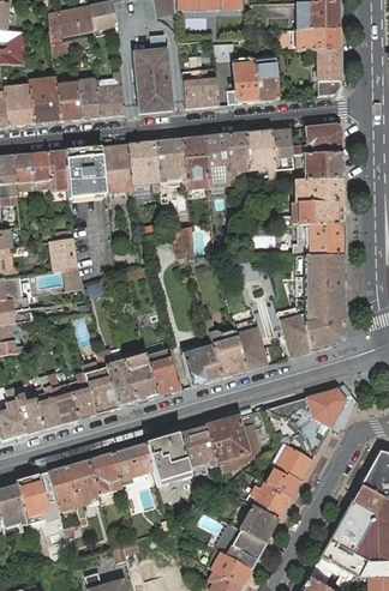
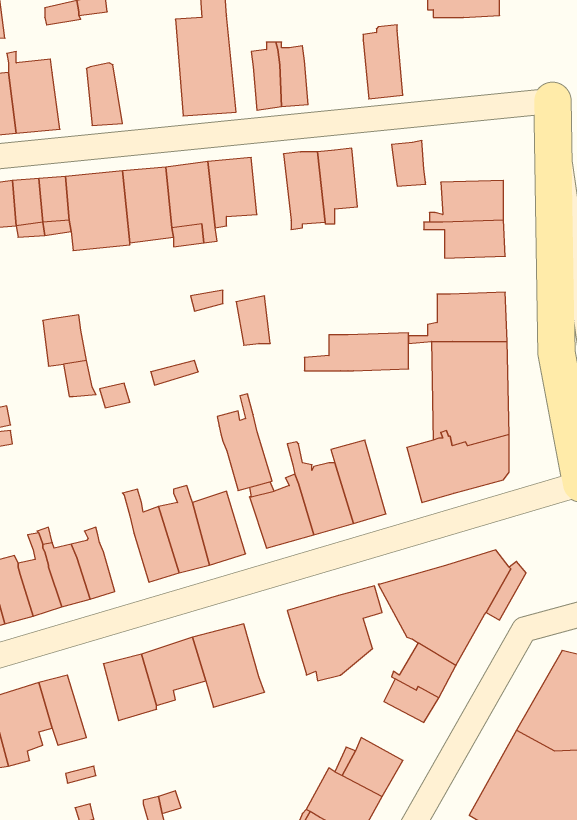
building: [316,49,340,96] -> none
building: [232,59,256,104] -> none
building: [94,71,125,117] -> none
building: [55,83,80,121] -> none
building: [291,123,341,155] -> none
building: [245,131,275,181] -> none
building: [181,137,207,189] -> none
building: [276,201,342,225] -> [304,333,409,371]
building: [82,352,116,414] -> [217,394,272,491]
building: [176,426,216,468] -> none
building: [65,459,98,520] -> none
building: [249,478,291,520] -> none

